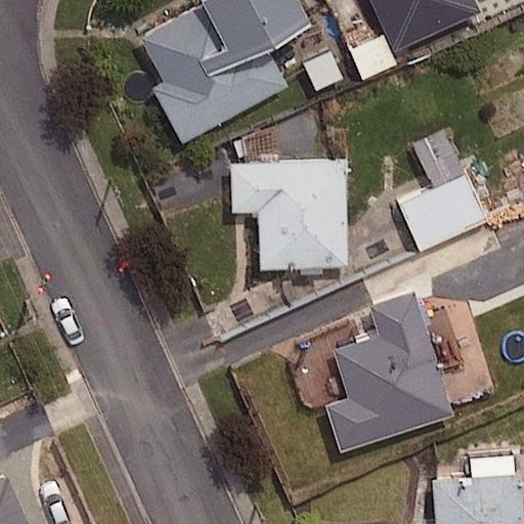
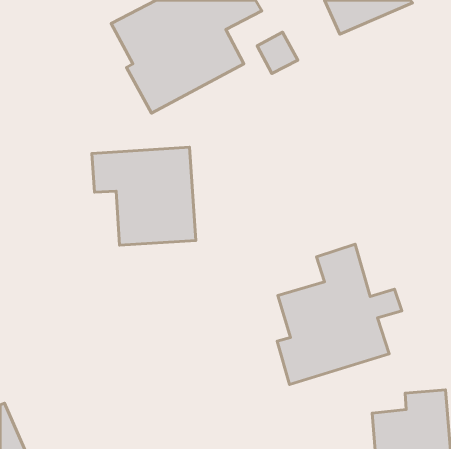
building: [402,137,487,249] -> none
building: [230,160,349,271] -> [92,147,196,245]

